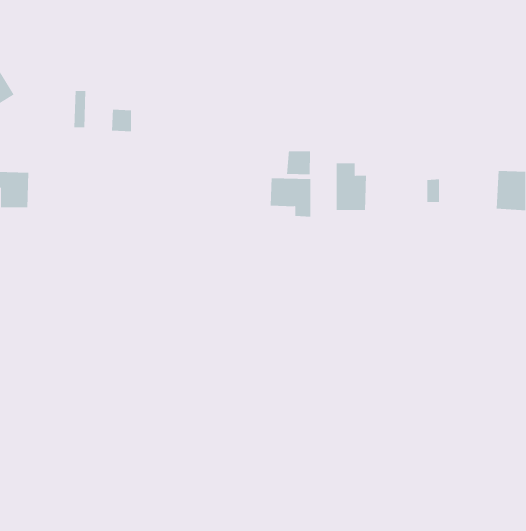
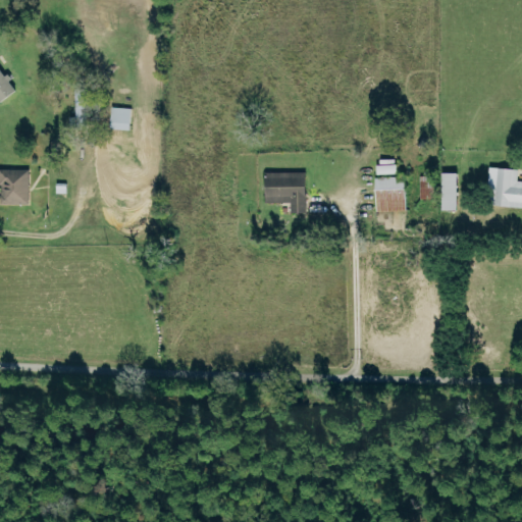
building: [287,150,311,175] -> none
building: [336,163,367,211] -> [376,164,407,211]
building: none -> [441,172,458,210]

